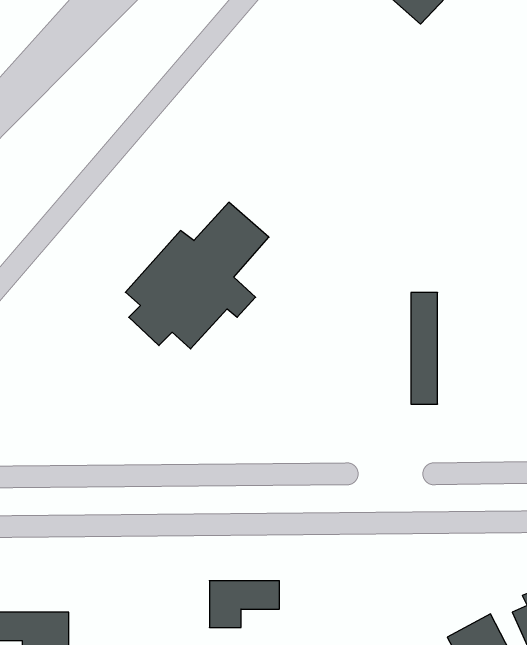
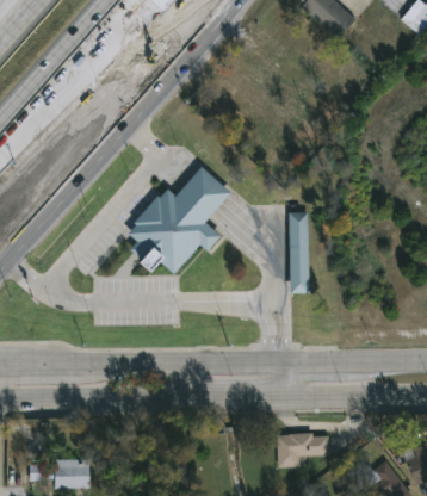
building: [411,293,438,404] -> [290,212,309,292]
building: [209,581,279,627] -> [276,434,326,467]

